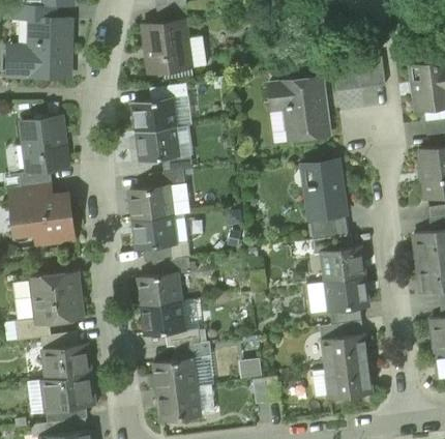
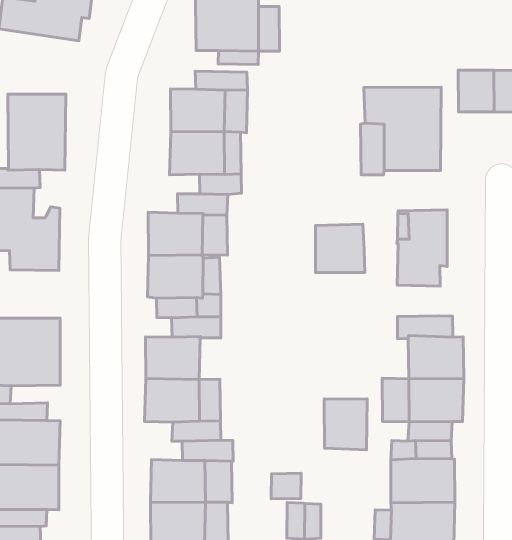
building: none -> [315,224,365,272]
building: [309,214,342,239] -> none
building: none -> [324,399,367,450]

